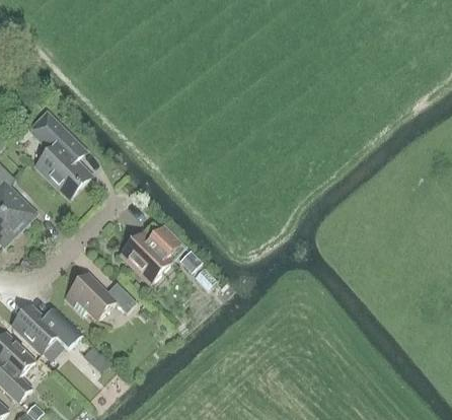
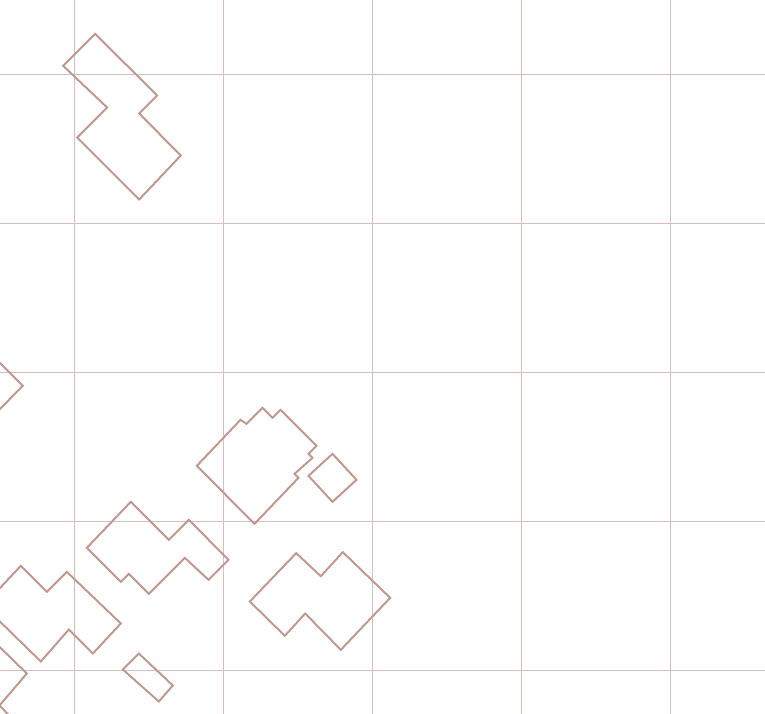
building: [29,113,89,197] -> [63,34,181,199]
building: none -> [250,552,390,650]

